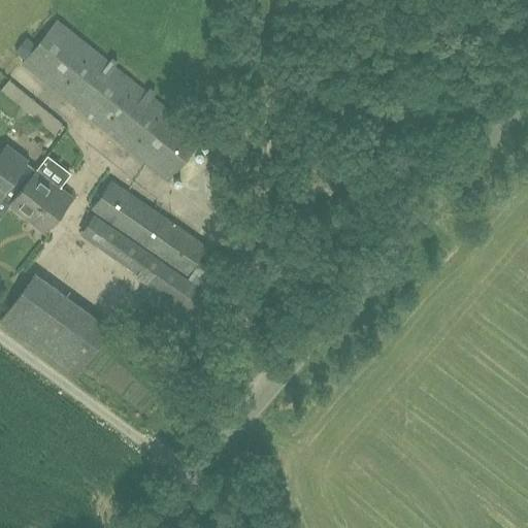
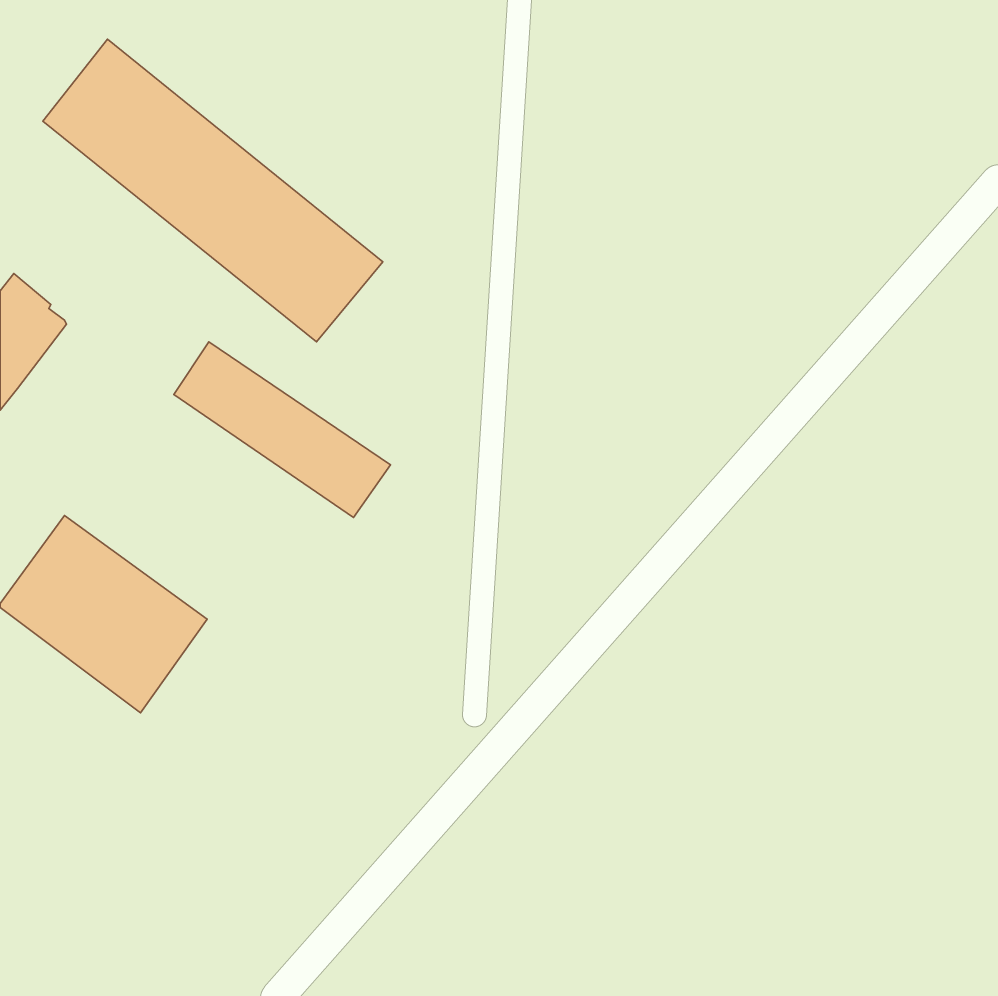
building: [9,156,72,233] -> none
building: [79,214,229,324] -> none

